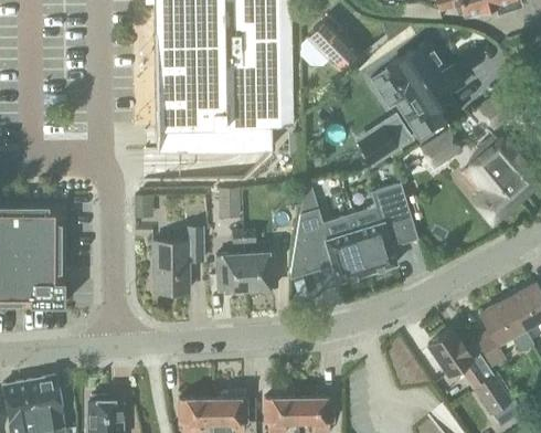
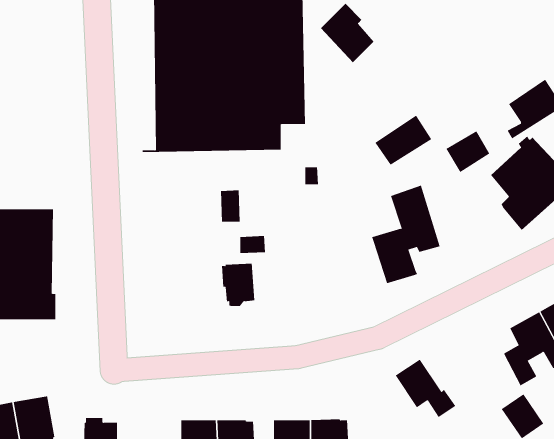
building: [370,40,463,140] -> none
building: [289,208,367,282] -> none
building: [152,225,203,291] -> none
building: [244,251,274,291] -> none
building: [427,328,484,382] -> [395,359,456,418]

